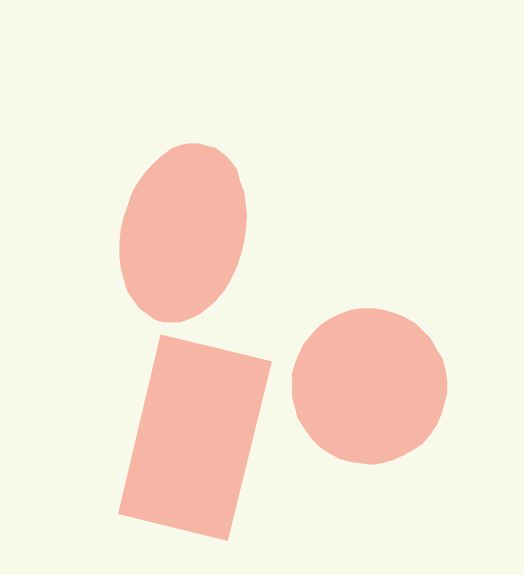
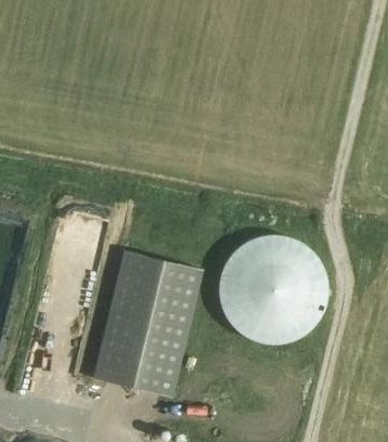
building: [119,142,248,323] -> none

